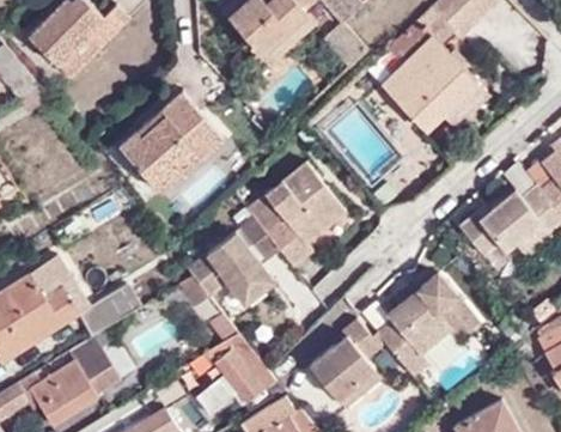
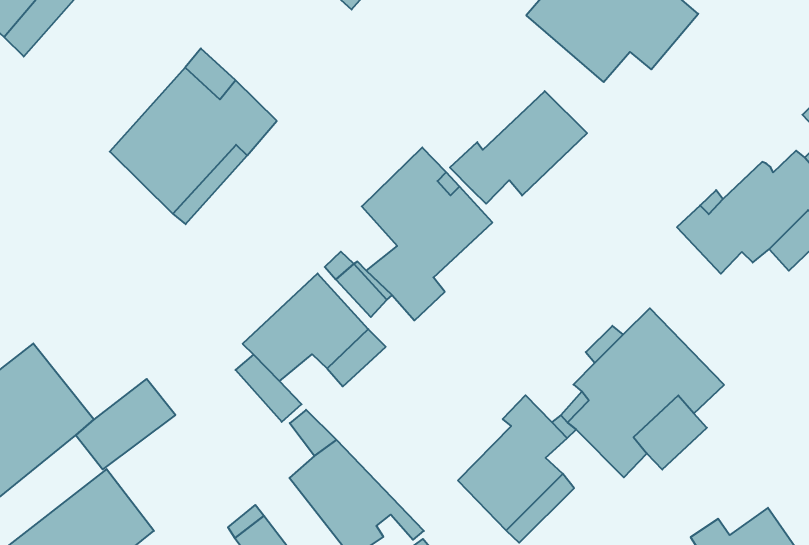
building: none -> [450,91,587,204]

